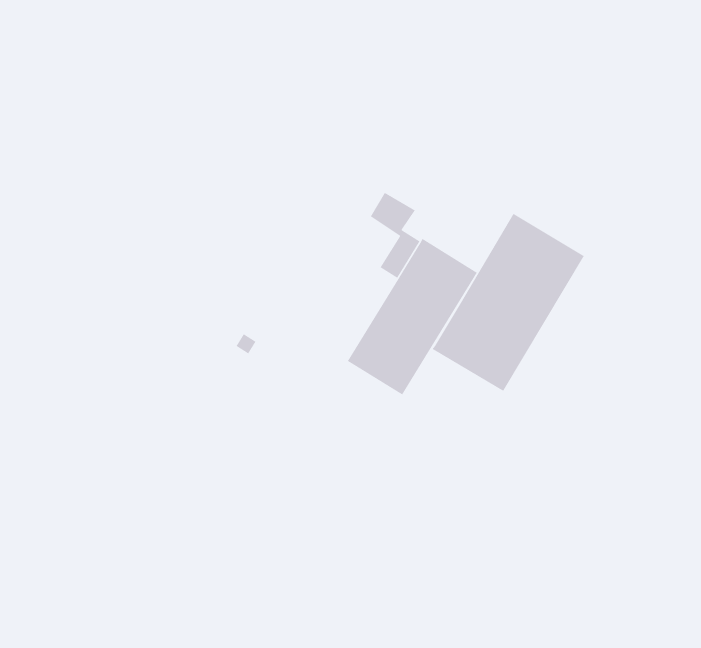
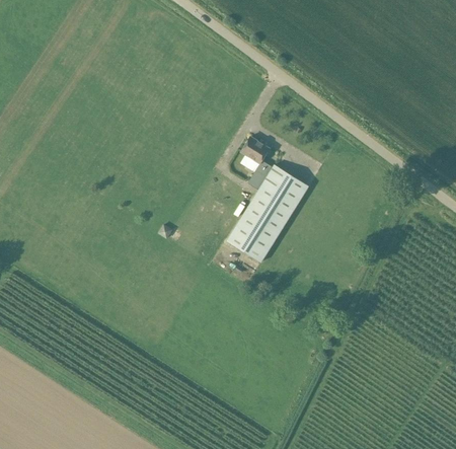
building: [432,213,585,392] -> none

